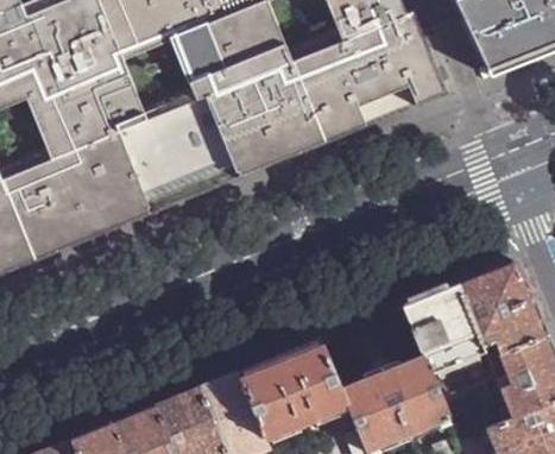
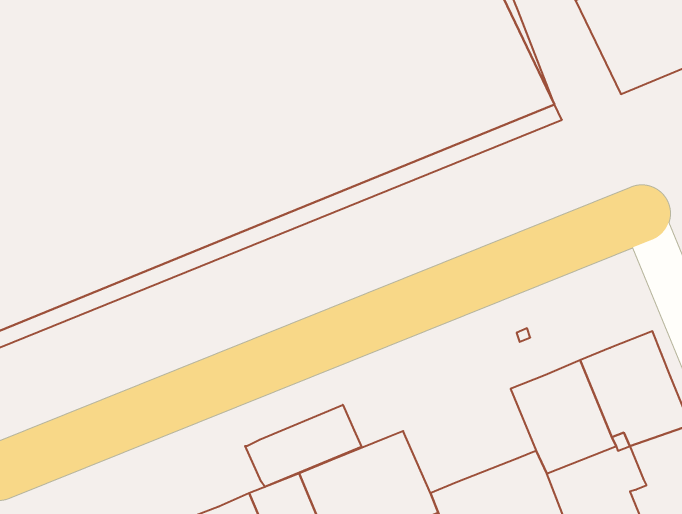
building: none -> [245,405,362,487]

